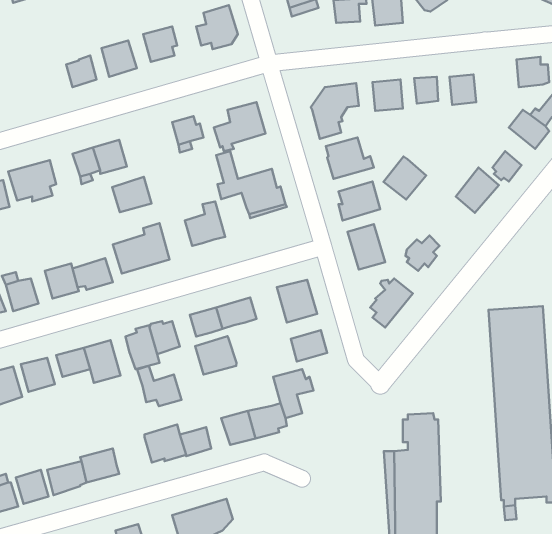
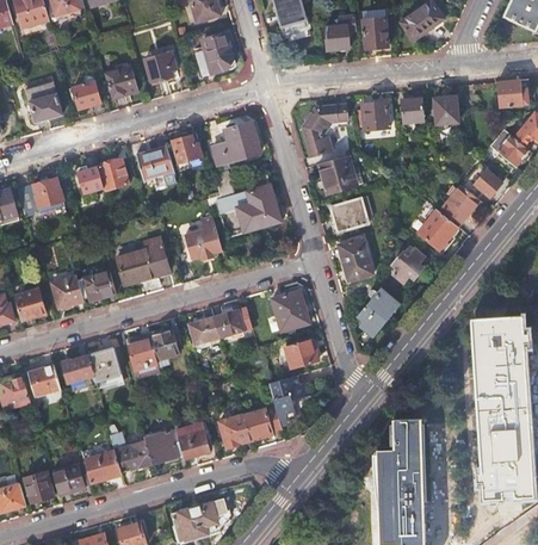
building: none -> [25,81,62,122]
building: [383,157,426,199] -> [418,210,458,250]
building: [112,177,151,212] -> [136,145,173,179]
building: [195,336,237,375] -> none
building: [137,366,181,406] -> [111,432,153,470]

